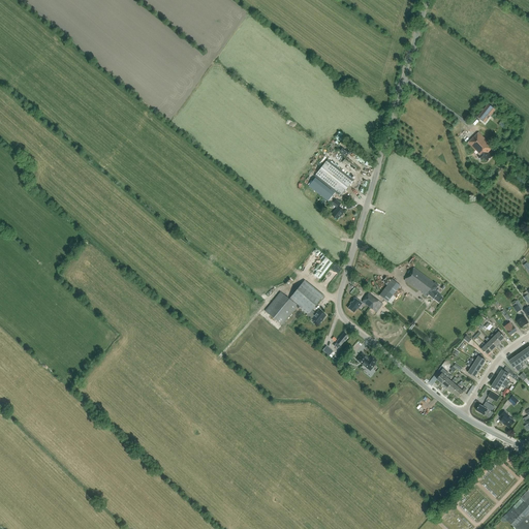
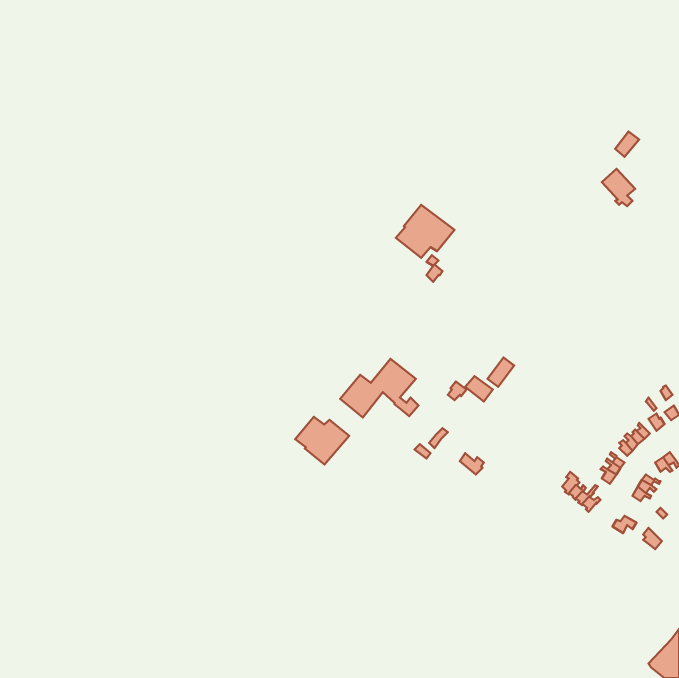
building: [404,267,442,302] -> none
building: none -> [295,417,349,464]

